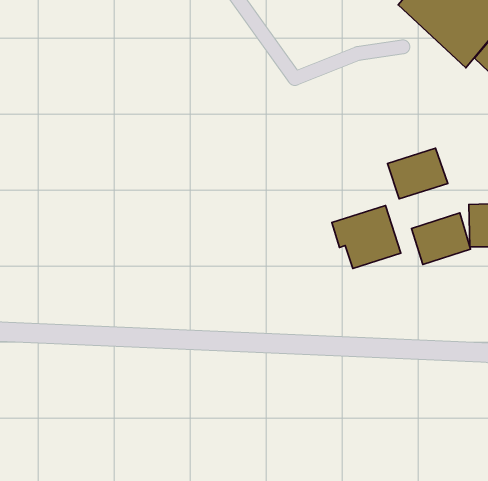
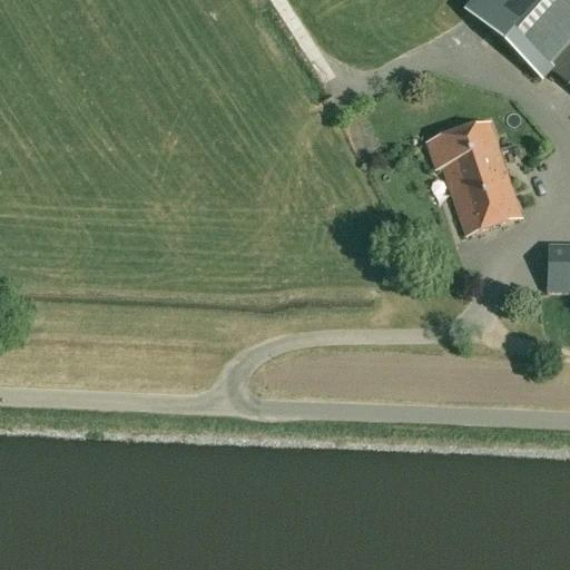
building: [332,205,401,268] -> [428,117,508,190]
building: [412,213,471,265] -> none

